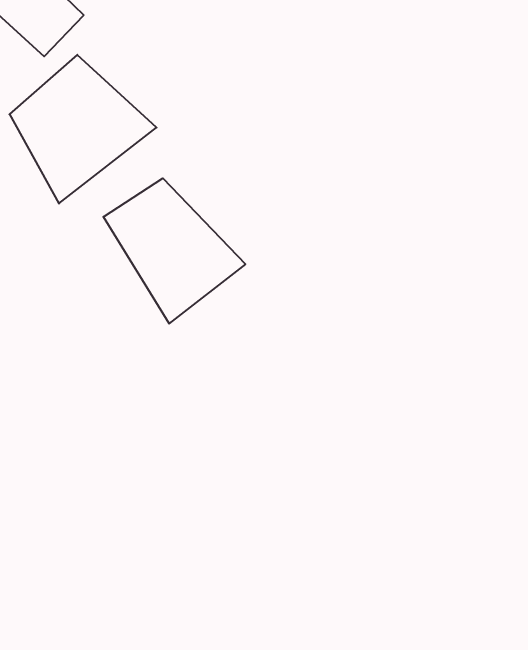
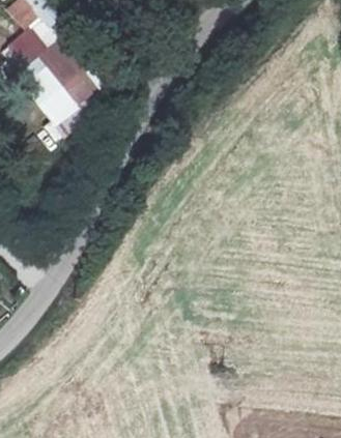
building: [103,178,245,324] -> none

